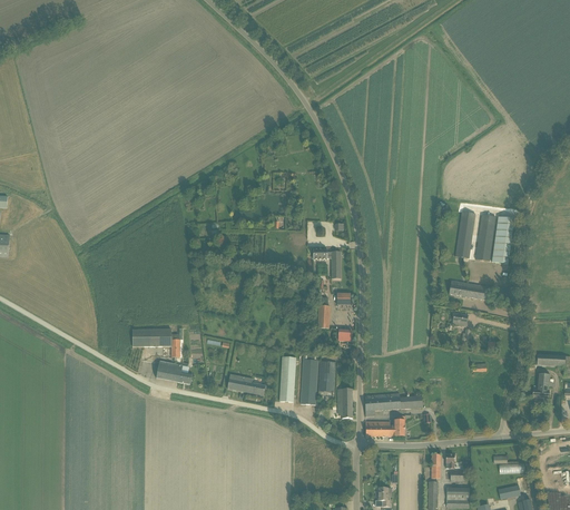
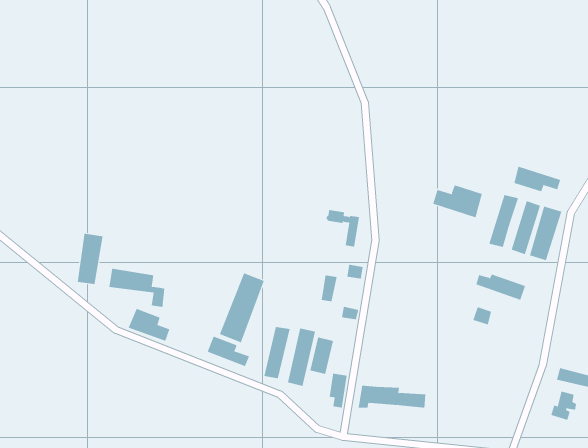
building: none -> [514,166,561,192]
building: none -> [432,185,482,218]
building: none -> [77,233,103,285]
building: none -> [219,273,265,343]
building: [364,415,403,435] -> none

